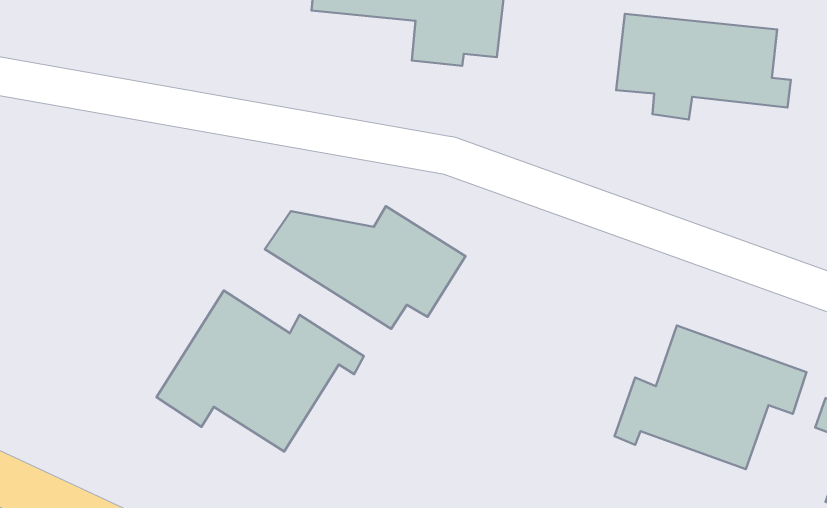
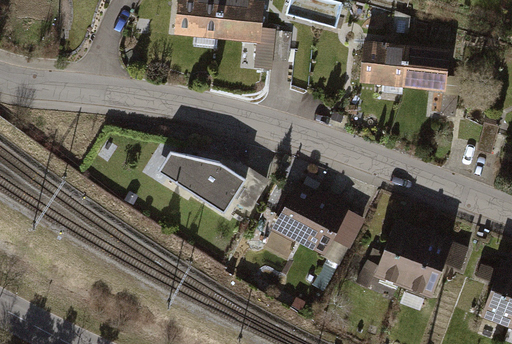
building: none -> [270,178,362,256]
building: [157,291,364,452] -> none

